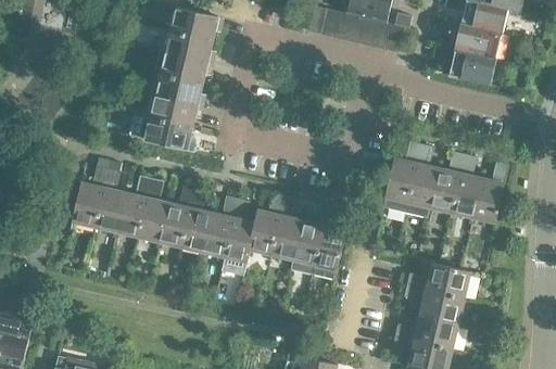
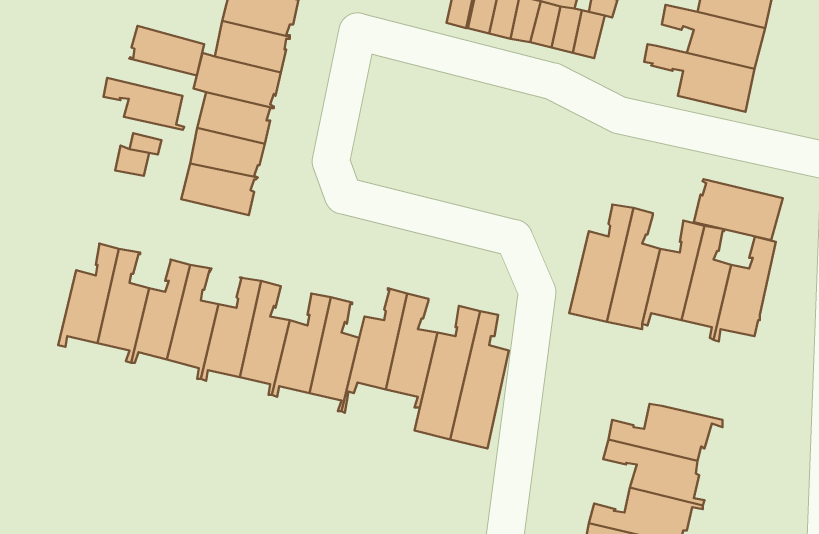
building: none -> [129,26,204,76]
building: none -> [103,78,184,130]
building: none -> [694,179,783,240]

